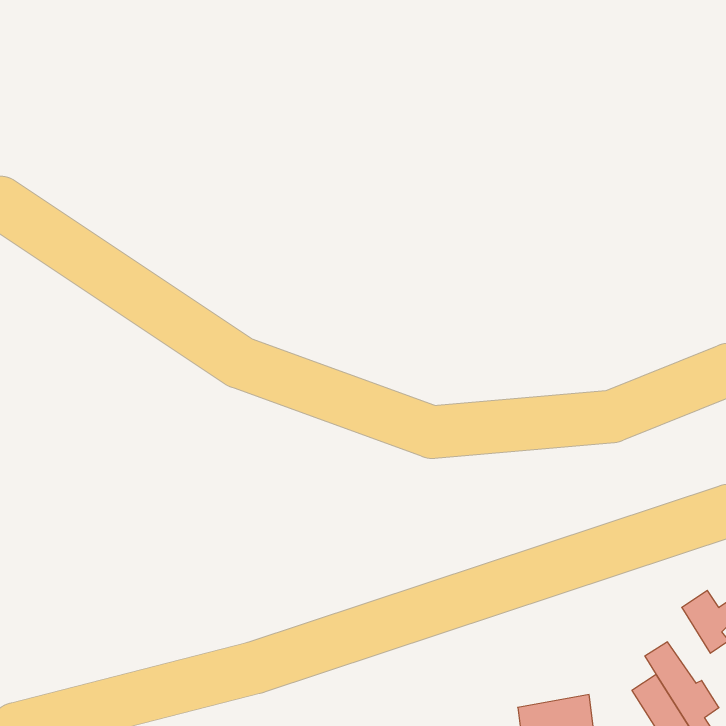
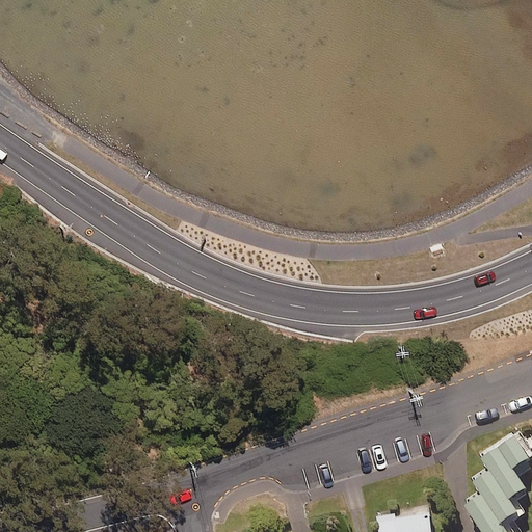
building: none -> [480,445,527,500]

